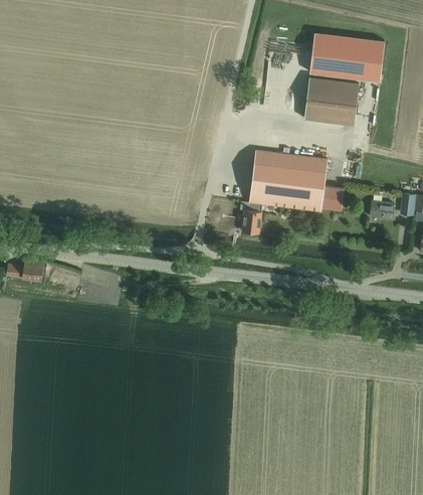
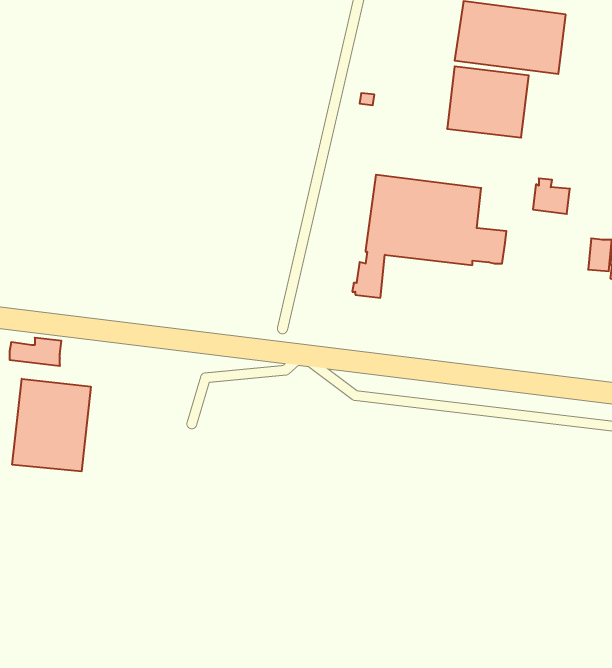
building: [370,195,395,219] -> [533,178,570,214]
building: none -> [12,379,91,471]

